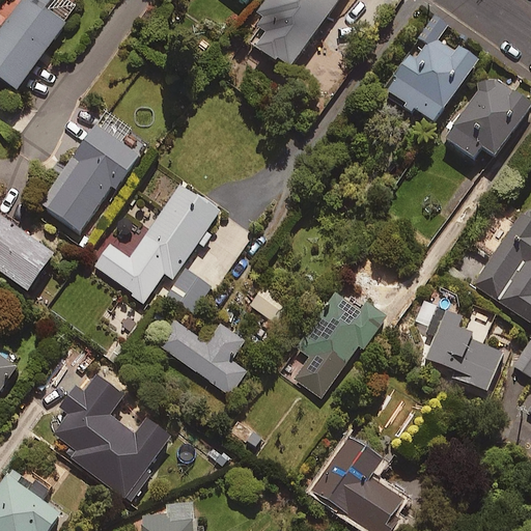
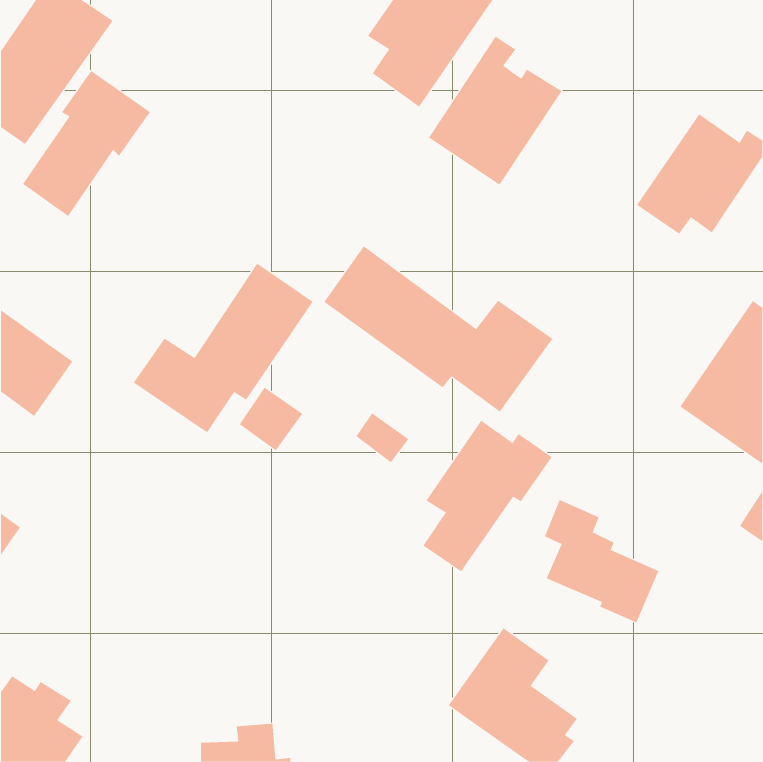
building: [384,18,477,121] -> [428,36,562,185]
building: [47,128,136,229] -> [22,70,151,217]
building: none -> [323,246,553,413]
building: [422,302,502,388] -> [544,499,659,623]
building: [158,320,246,395] -> none
building: [66,383,169,502] -> none

